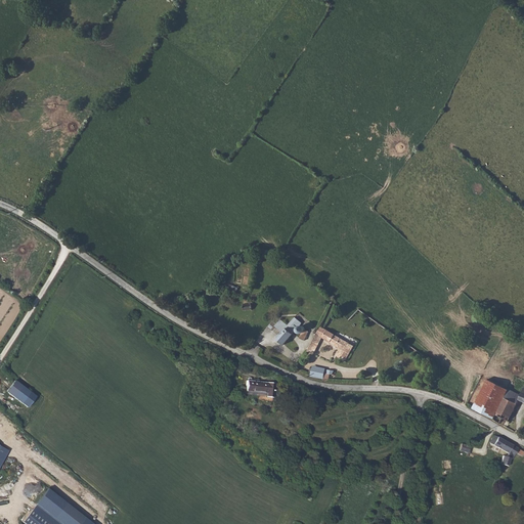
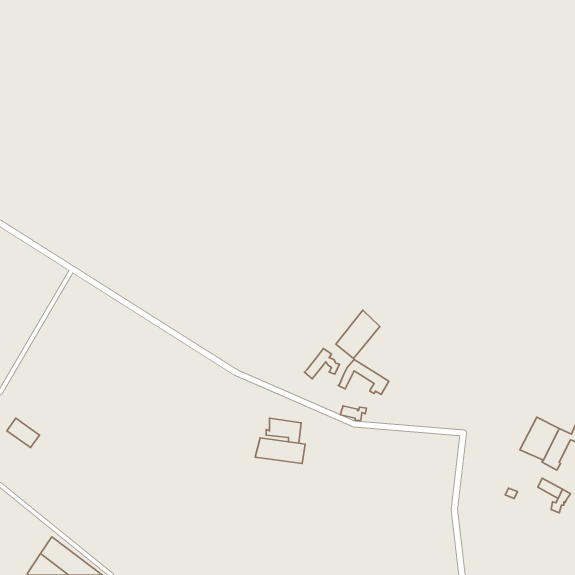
building: none -> [336,310,380,359]
building: none -> [255,438,305,463]

